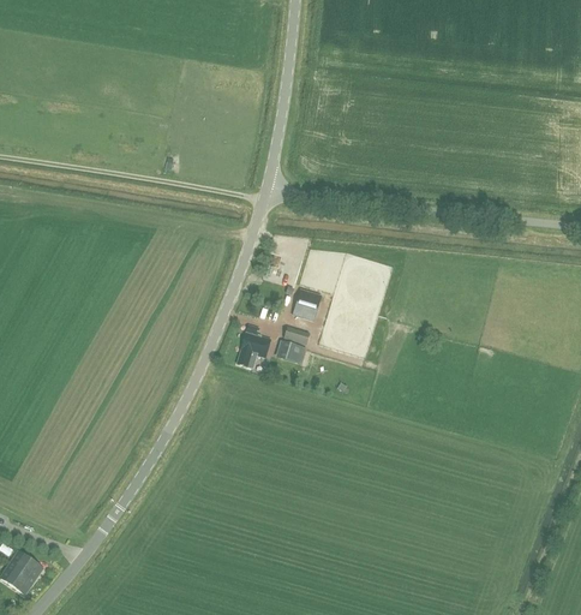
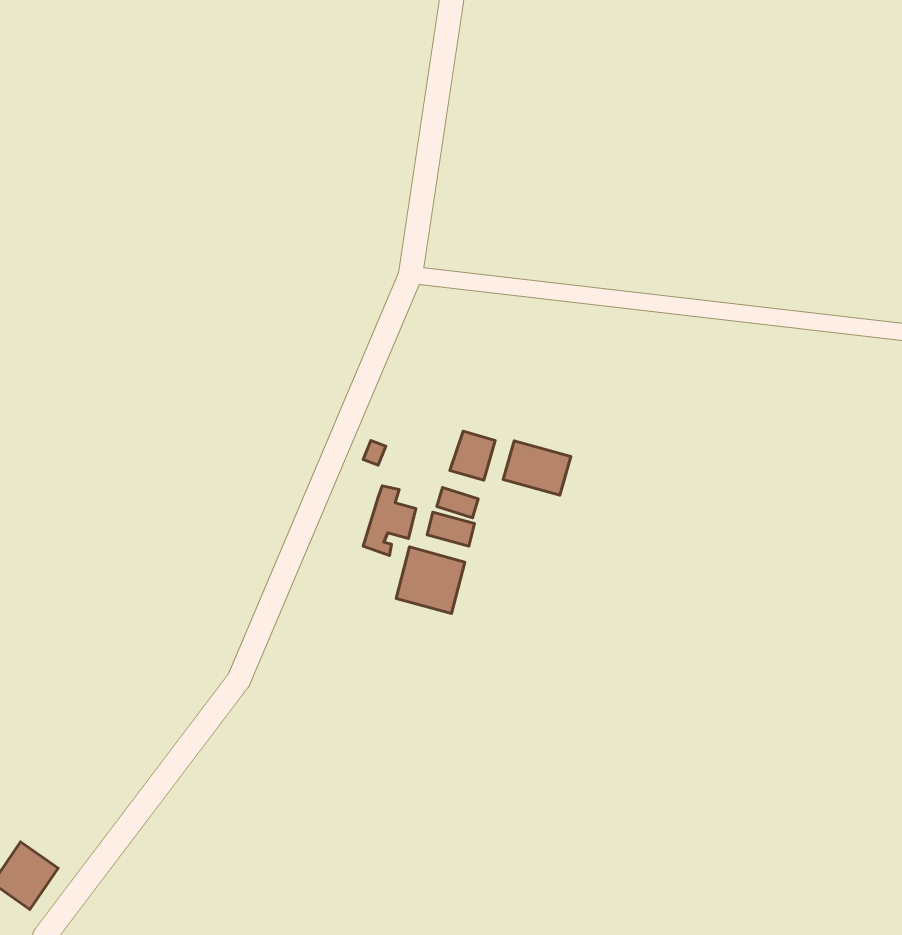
building: none -> [503,441,571,495]
building: none -> [396,547,465,613]

